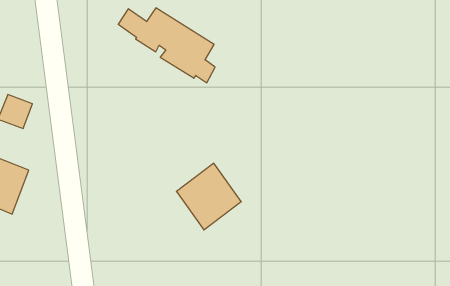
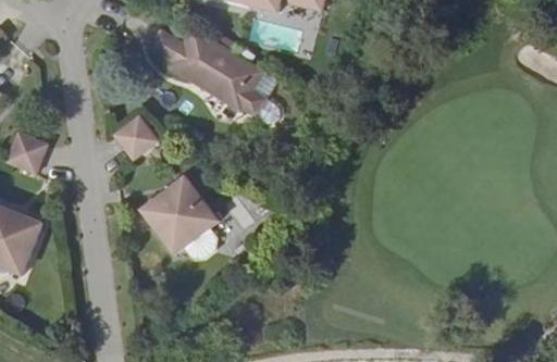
building: none -> [115,116,159,159]
building: [176,163,241,230] -> [140,176,218,255]

